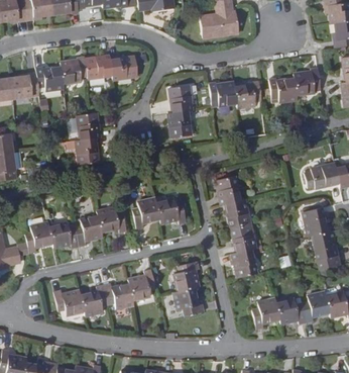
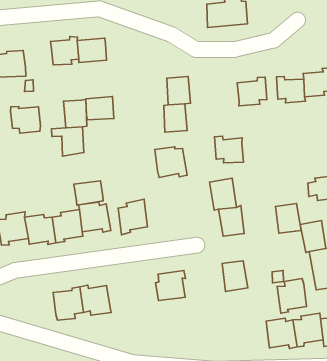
building: [111,54,138,77] -> [86,96,114,120]
building: [36,64,65,89] -> [11,106,40,133]
building: [209,79,237,103] -> [215,136,244,163]
building: none -> [74,181,103,205]
building: [158,199,190,228] -> [155,147,187,178]
building: [232,221,257,250] -> [275,204,301,233]
building: [129,267,157,299] -> none
building: [54,285,85,313] -> none
building: [172,285,205,314] -> none
building: [253,295,281,329] -> [277,279,307,313]

